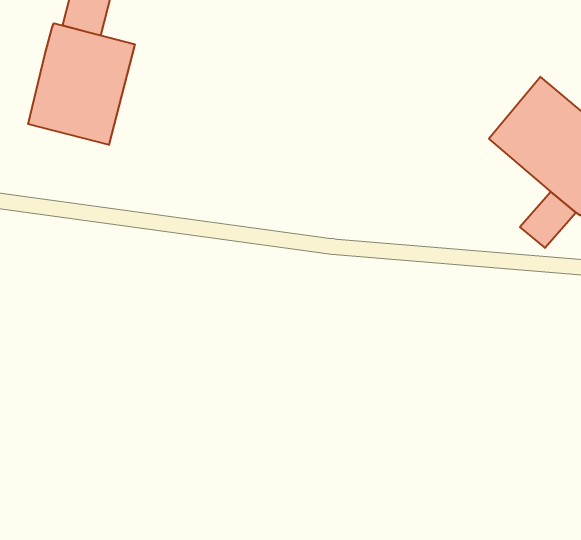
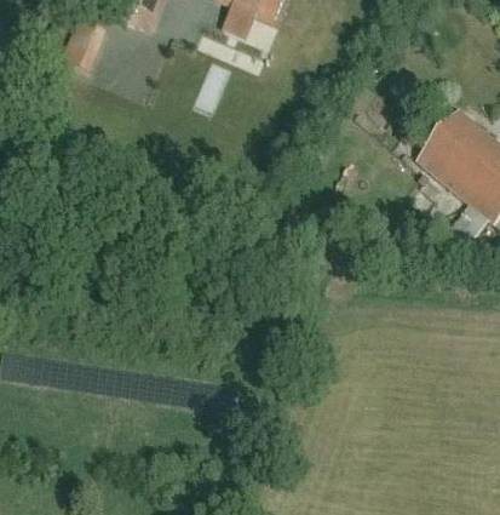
building: [28,23,135,145] -> none

